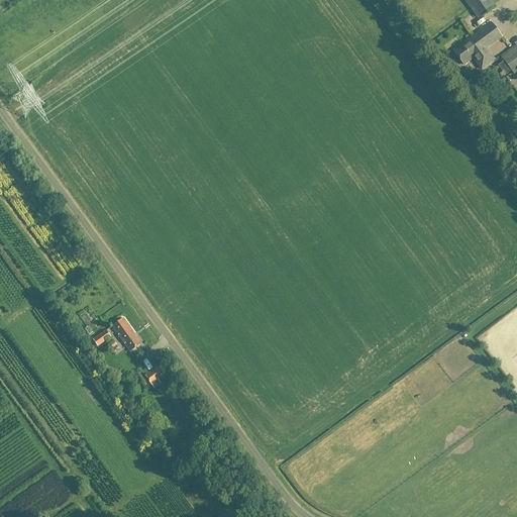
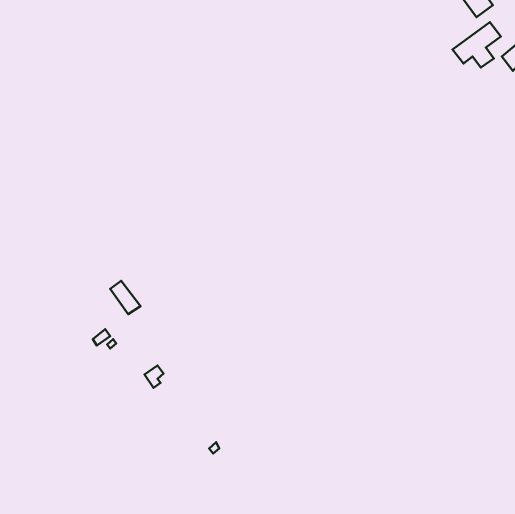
building: [112,317,142,350] -> [110,281,140,314]

